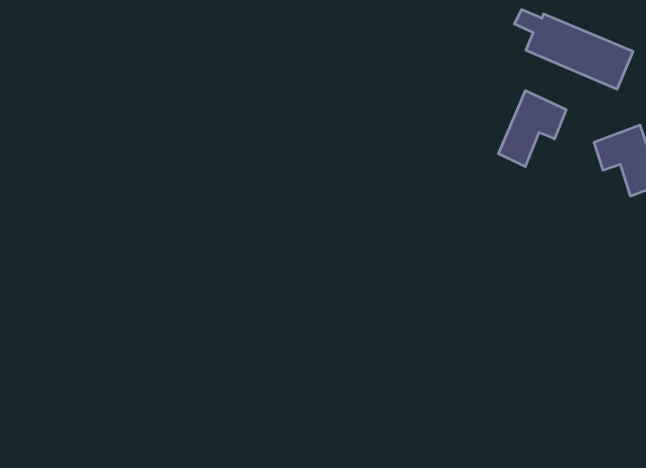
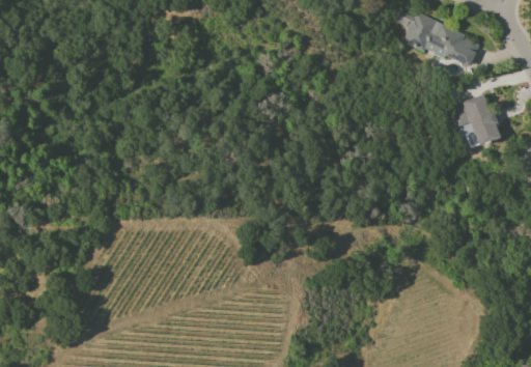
building: [499,91,566,167] -> none

